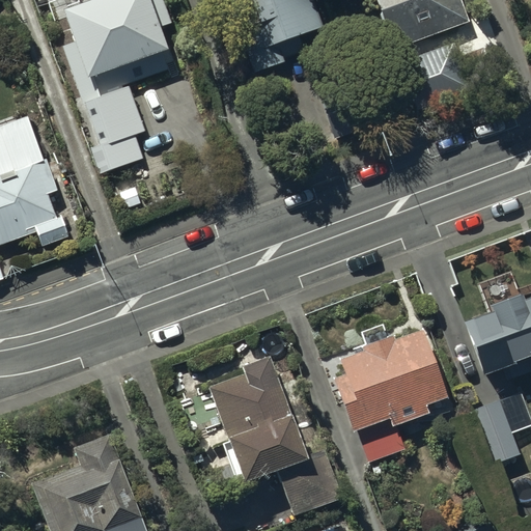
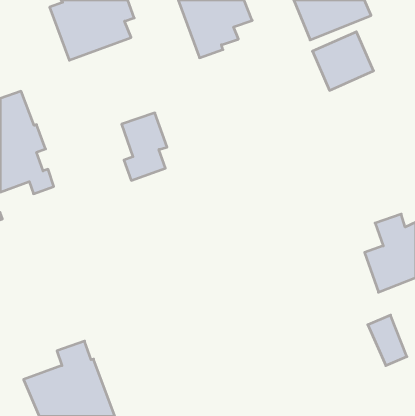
building: [86,88,144,174] -> [122,113,167,180]
building: [333,330,449,462] -> none
building: [209,358,342,515] -> none

